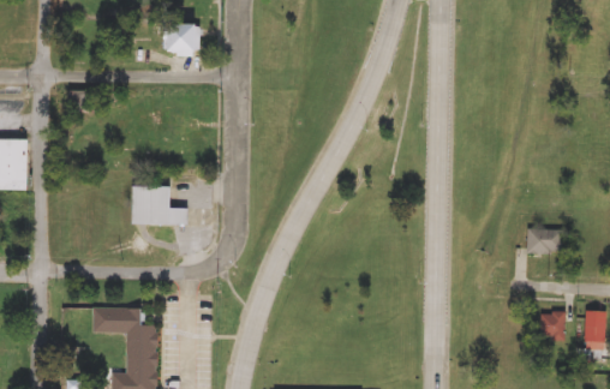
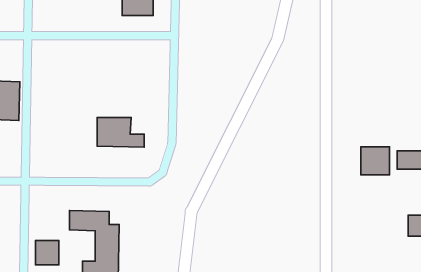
building: none -> [361,147,390,175]
building: none -> [35,241,59,265]

